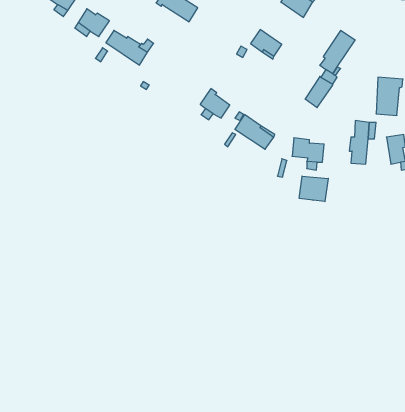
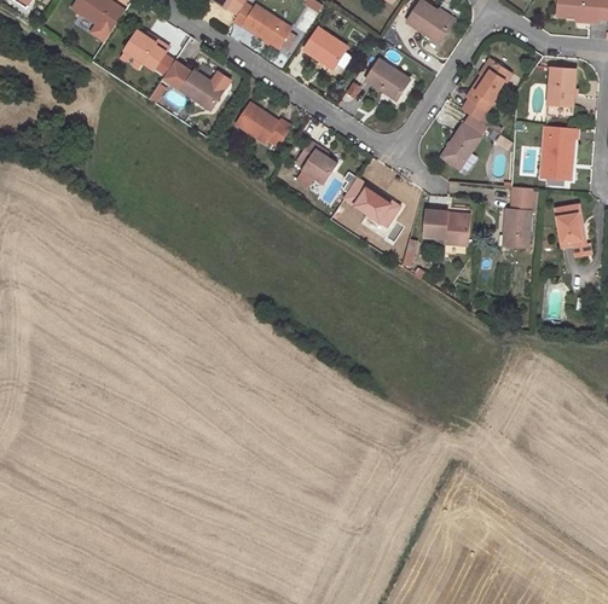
building: none -> [303,28,348,69]
building: none -> [545,68,574,116]
building: none -> [236,104,290,146]
building: [299,176,328,202] -> none

